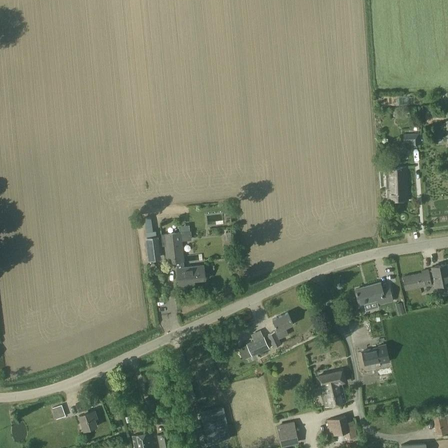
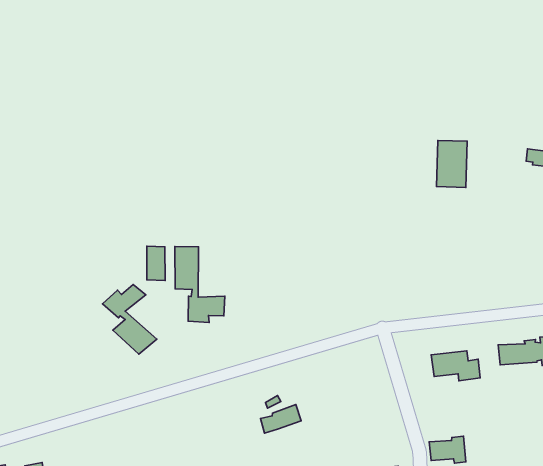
building: [385,167,409,202] -> [436,140,467,187]
building: none -> [102,285,157,354]
building: [268,312,293,347] -> none

